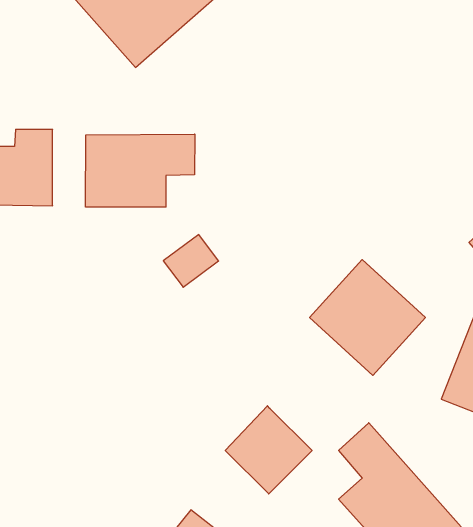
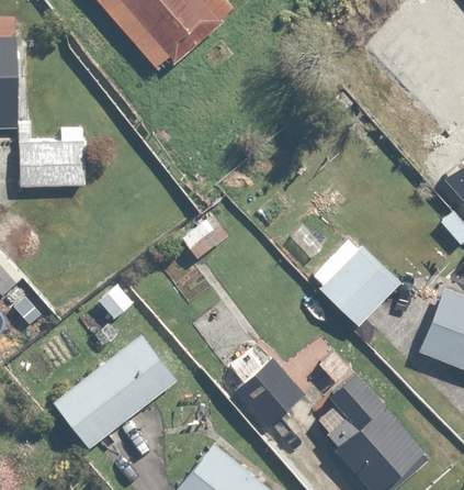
building: [86,134,195,207] -> none
building: none -> [54,332,178,447]

